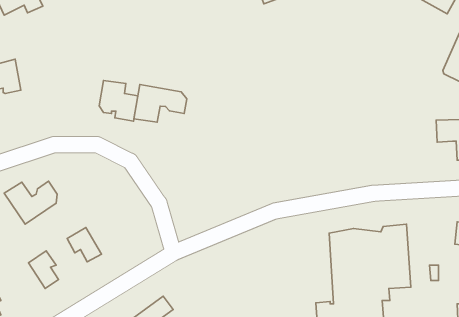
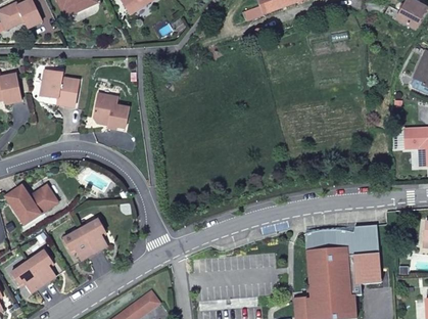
building: none -> [40,69,79,106]
building: [134,84,187,122] -> none
building: none -> [81,217,108,252]
building: none -> [10,260,43,291]

